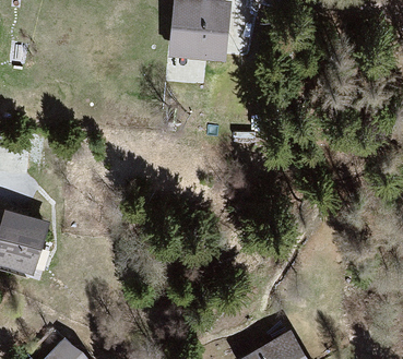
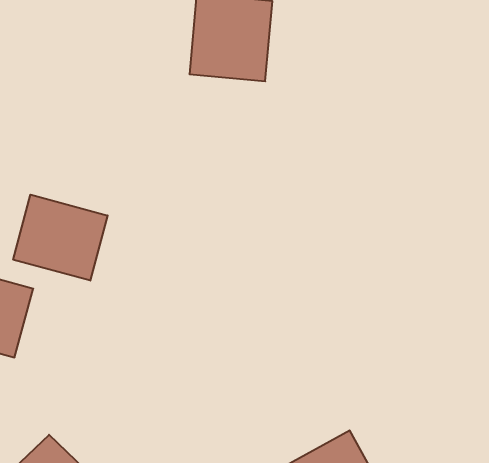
building: none -> [13,195,108,281]

